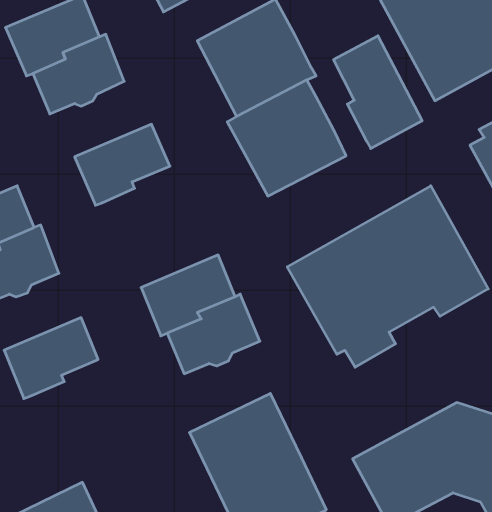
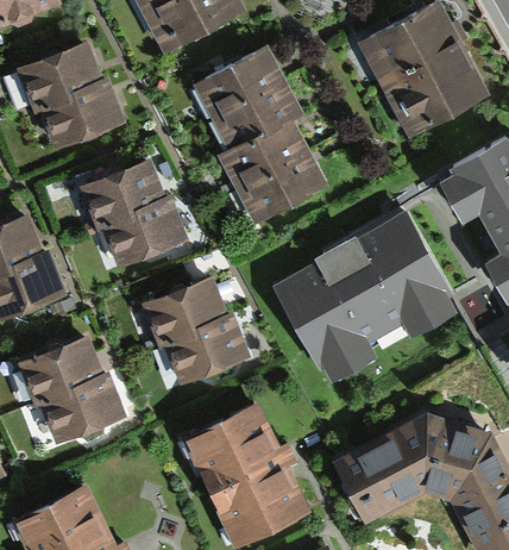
building: [334,36,422,149] -> none
building: none -> [105,195,188,267]
building: none -> [39,370,124,443]

